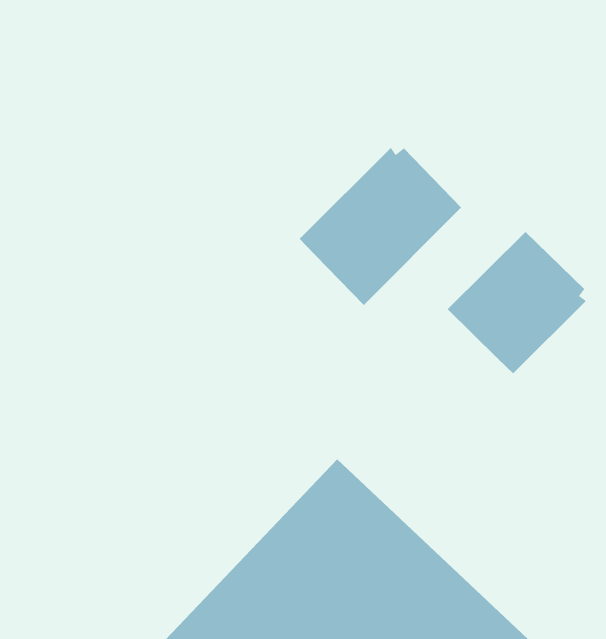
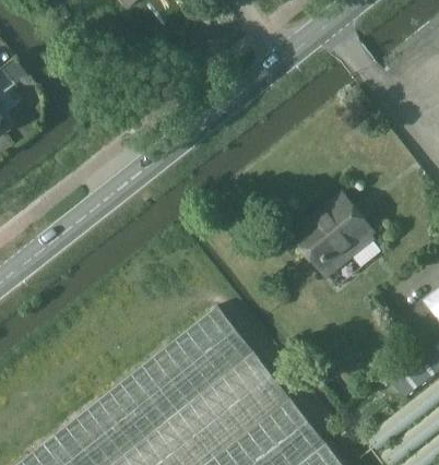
building: [299,147,462,306] -> none

